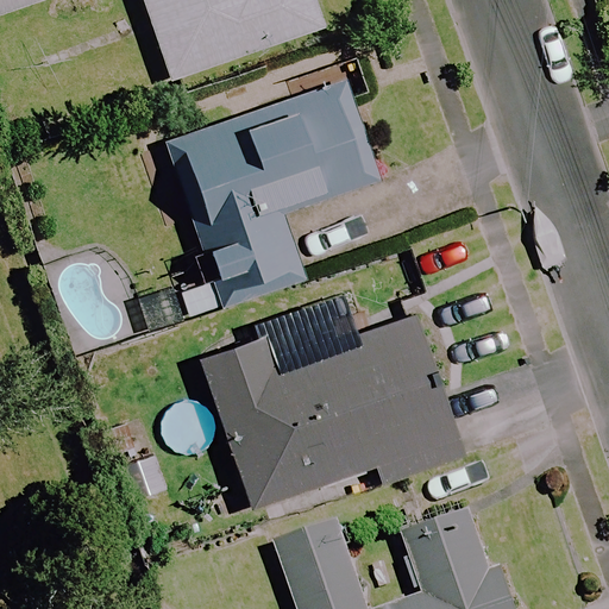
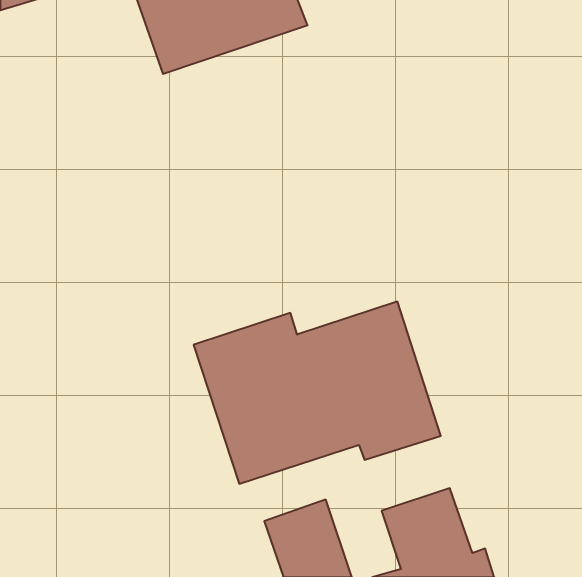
building: [169,81,368,302] -> none

